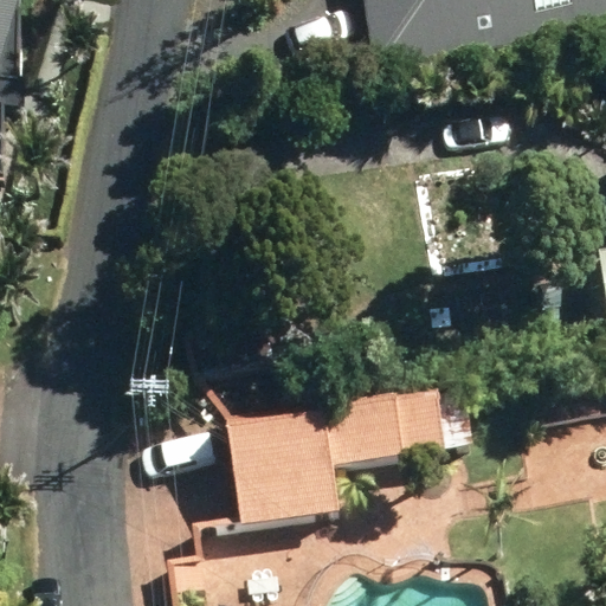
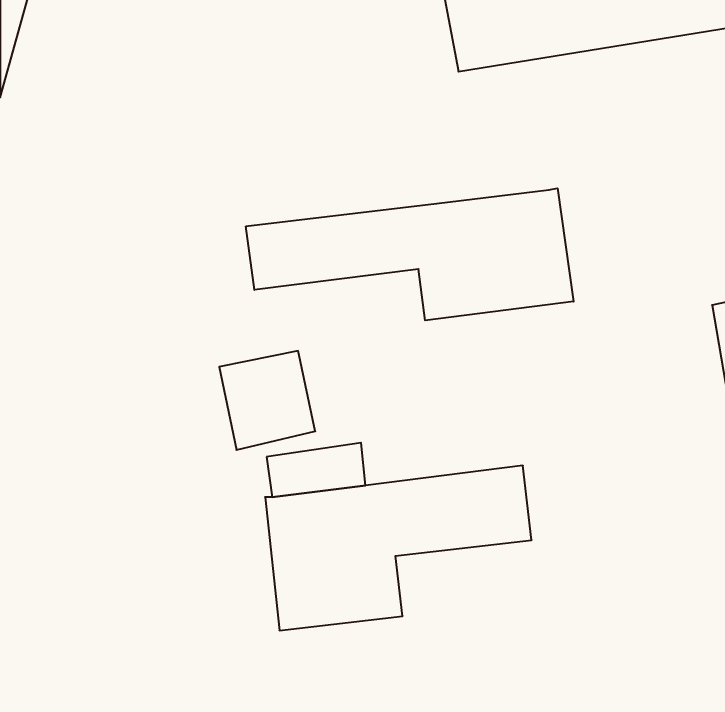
building: none -> [246,188,574,320]

